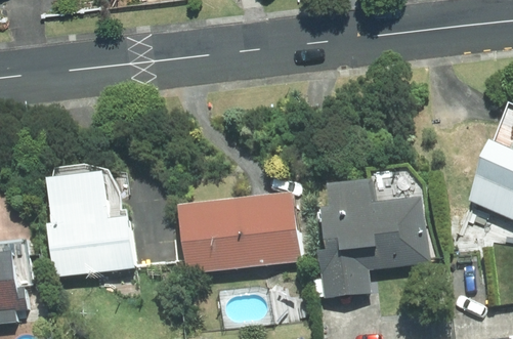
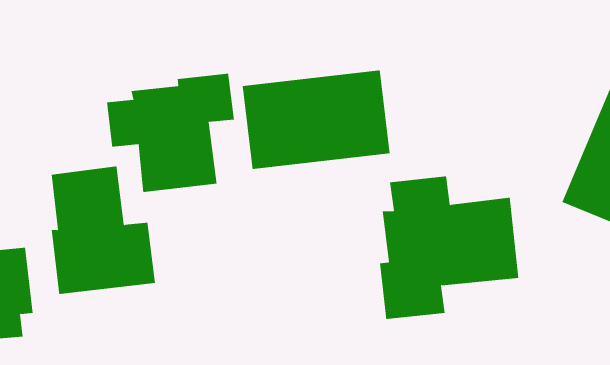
building: none -> [107,73,234,193]
building: [180,192,302,273] -> [242,70,391,170]

